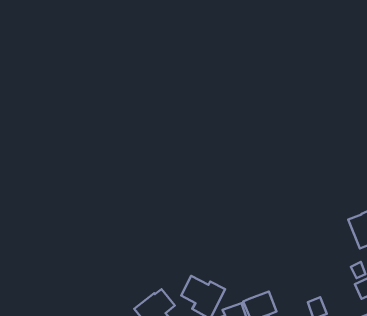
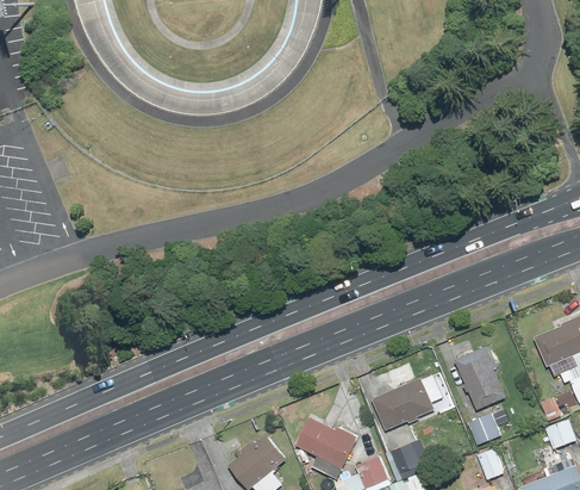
building: none -> [455,346,505,409]
building: none -> [374,378,434,429]
building: none -> [469,413,501,444]

